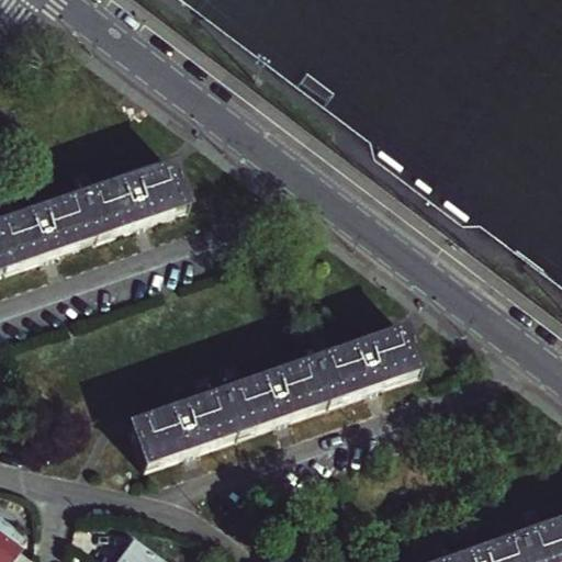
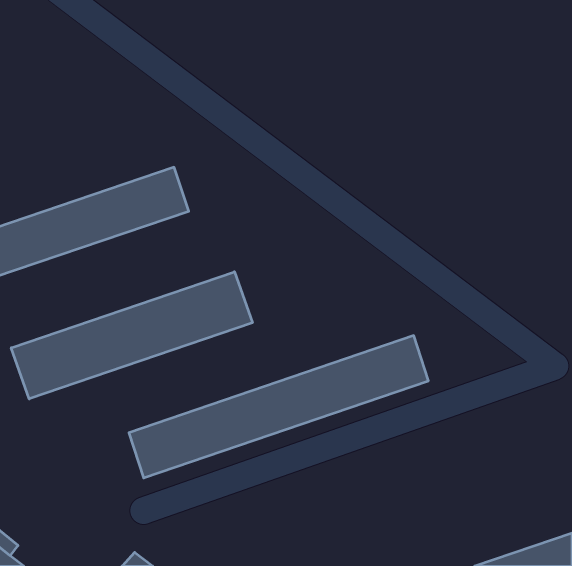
building: none -> [11,272,252,399]

